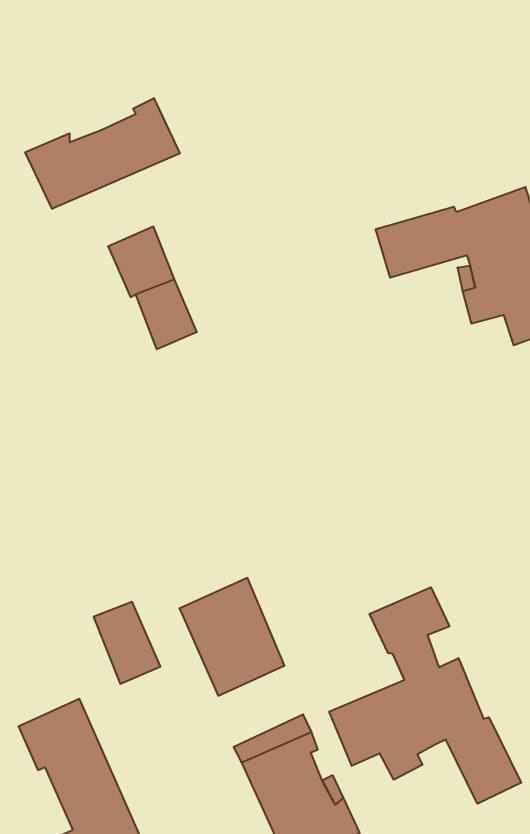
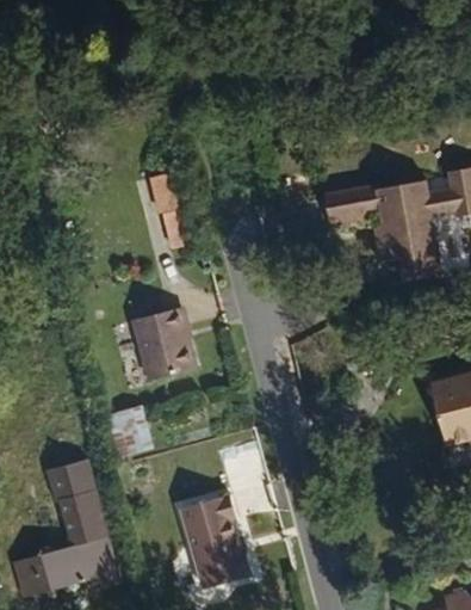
building: [25,98,180,209] -> none
building: [179,578,285,696] -> [130,307,192,380]
building: [329,587,521,804] -> none

